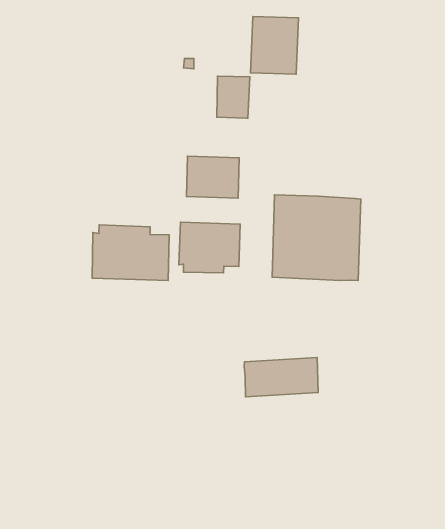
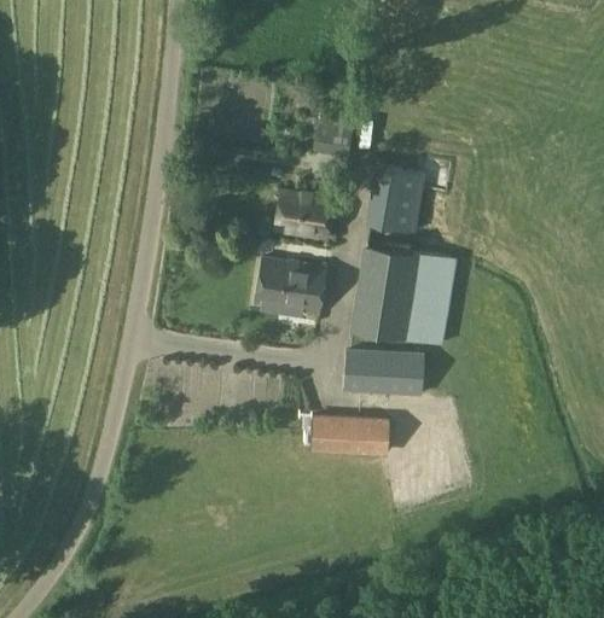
building: [250,17,299,74] -> [365,164,423,231]
building: [92,225,169,280] -> none
building: none -> [343,351,425,401]

